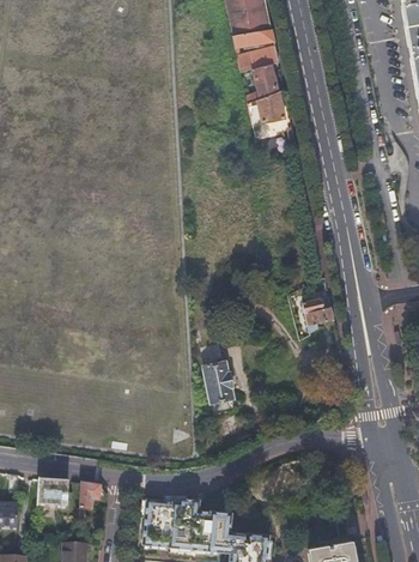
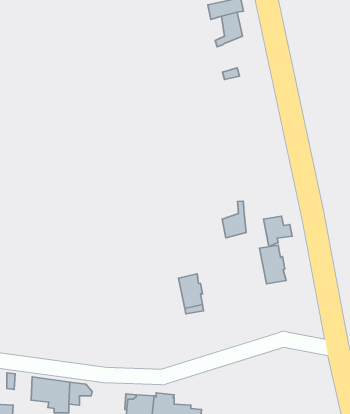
building: [257,87,285,121] -> none
building: none -> [222,201,246,238]
building: none -> [260,245,286,284]

